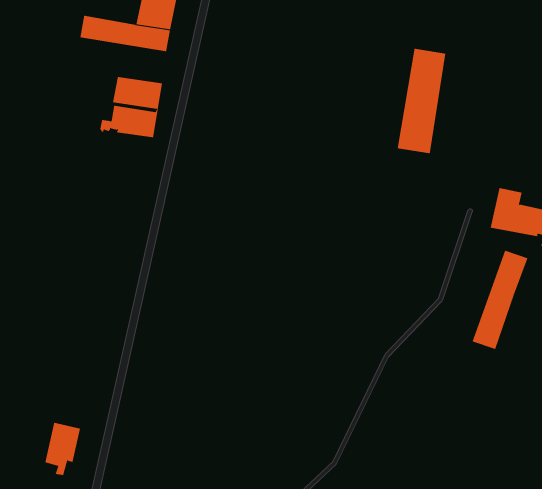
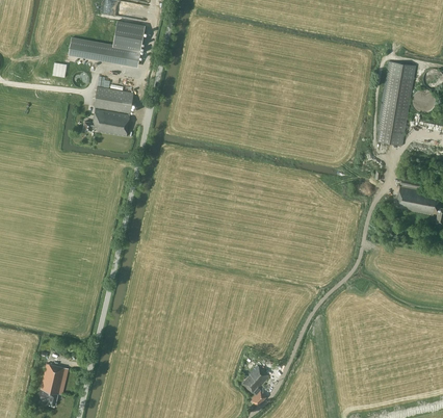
building: [397,48,446,154] -> [376,61,416,146]
building: [472,250,528,350] -> none
building: none -> [241,365,268,406]

